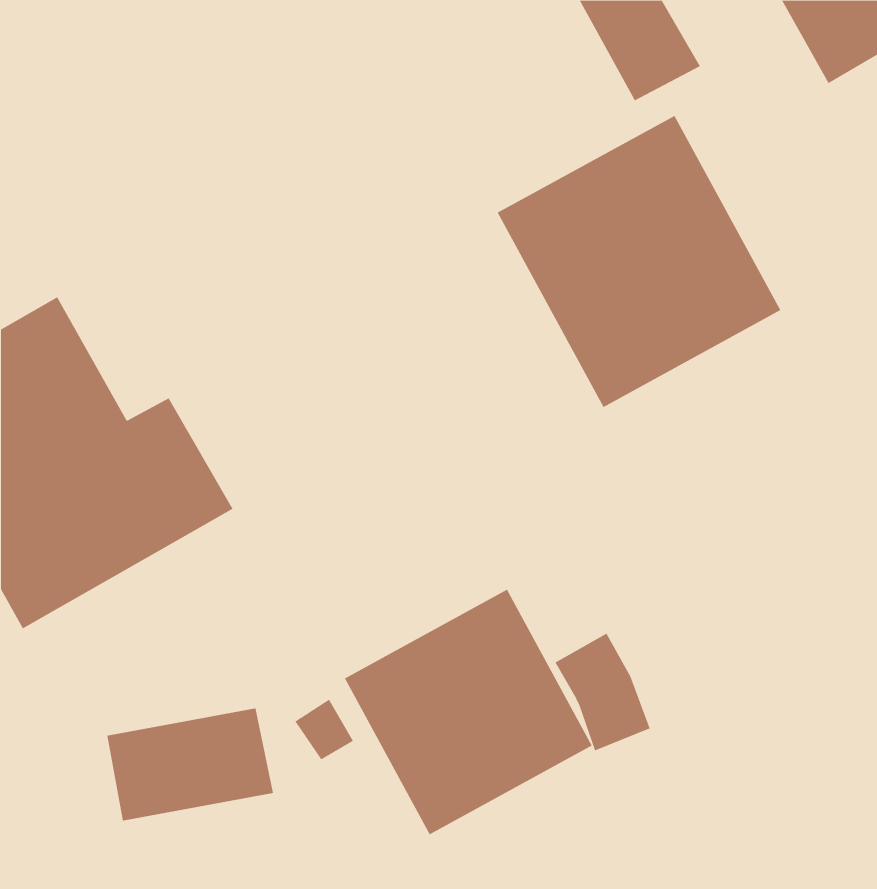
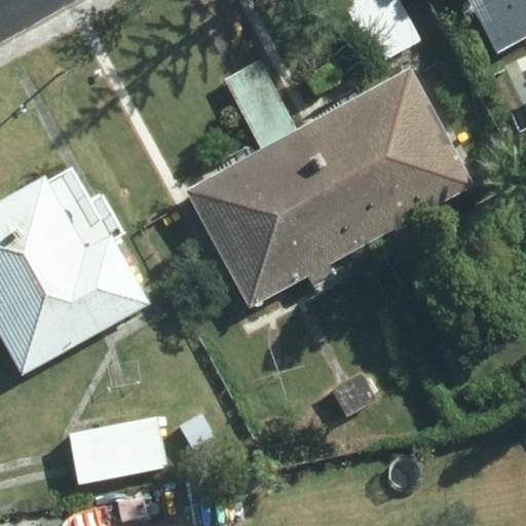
building: none -> [186,62,364,304]
building: [344,589,593,835] -> none

